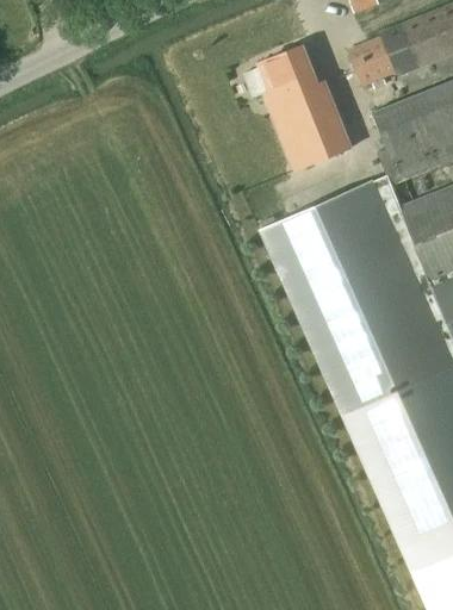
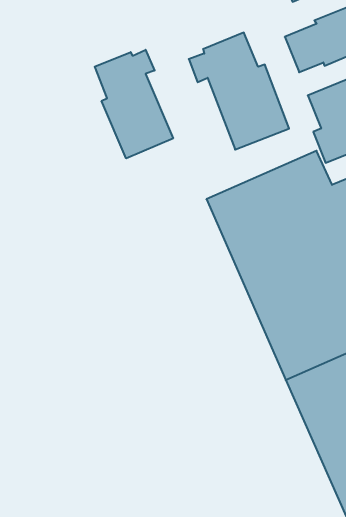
building: none -> [95,50,173,158]

